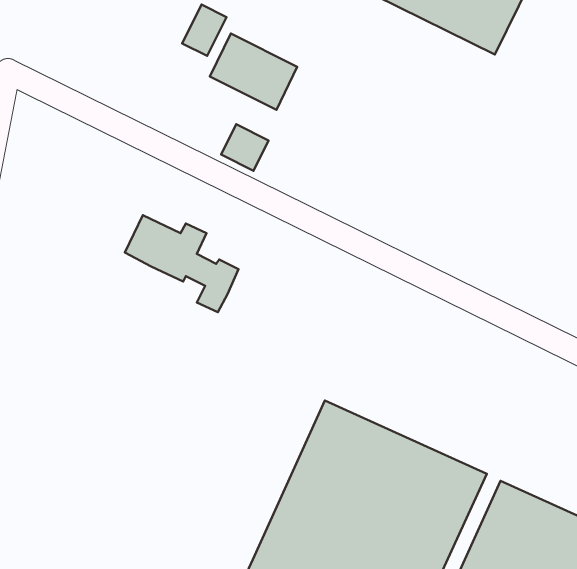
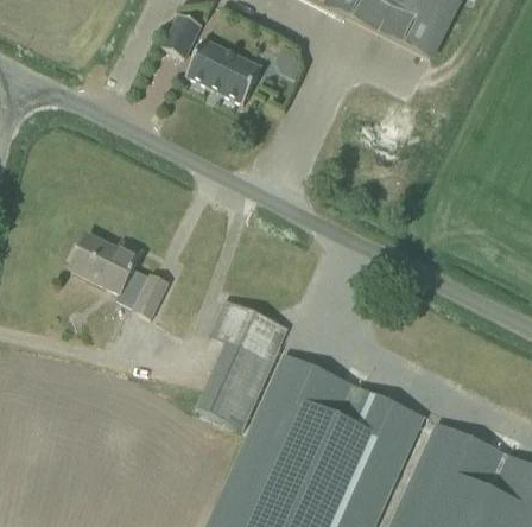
building: [221,124,269,171] -> none
building: [125,215,238,312] -> [71,236,169,319]
building: none -> [198,300,289,430]

